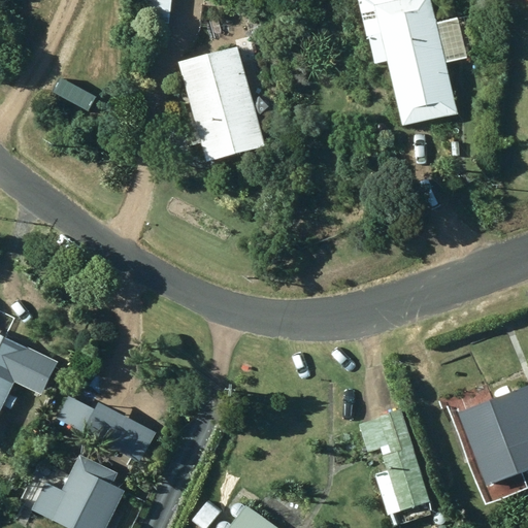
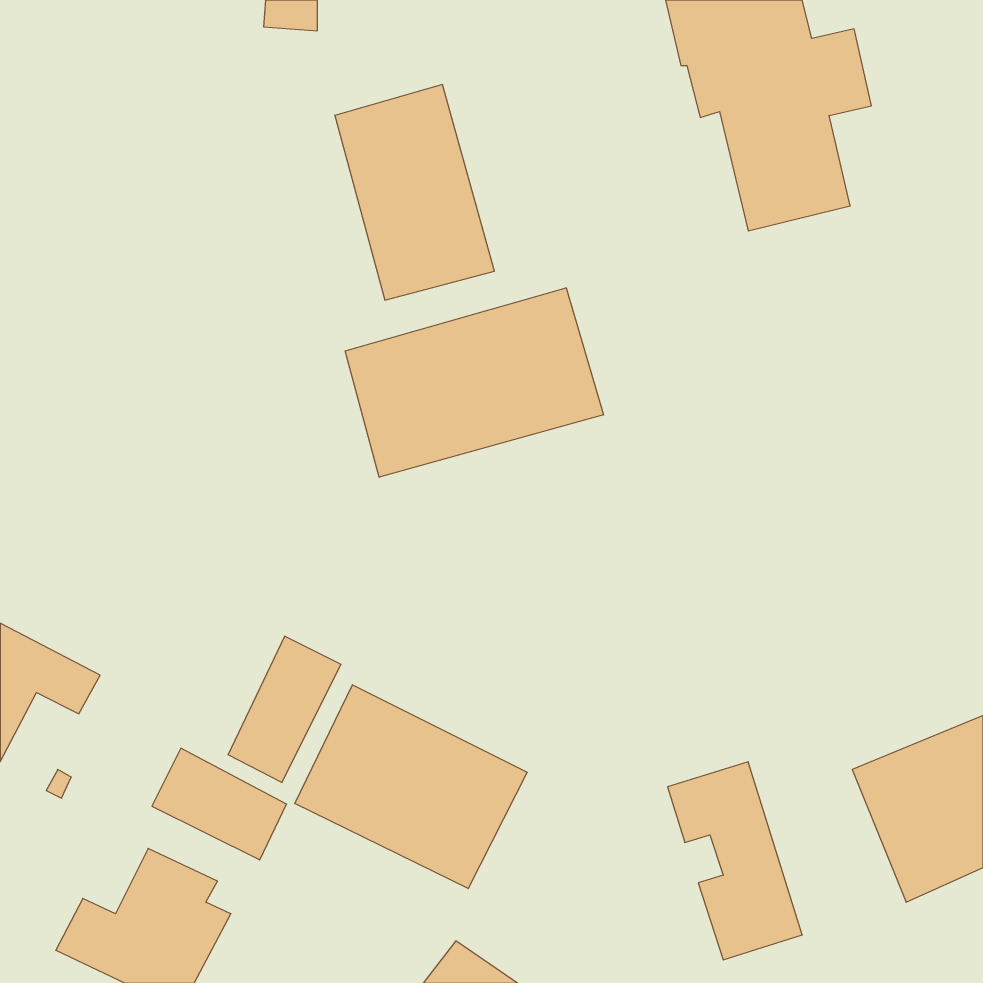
building: none -> [345,288,604,477]
building: none -> [228,636,341,783]
building: none -> [295,685,527,889]

